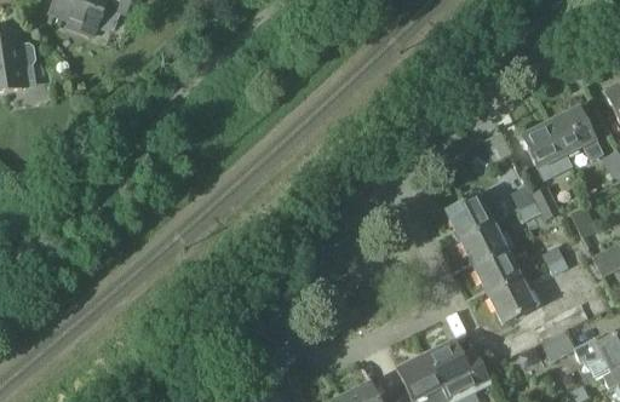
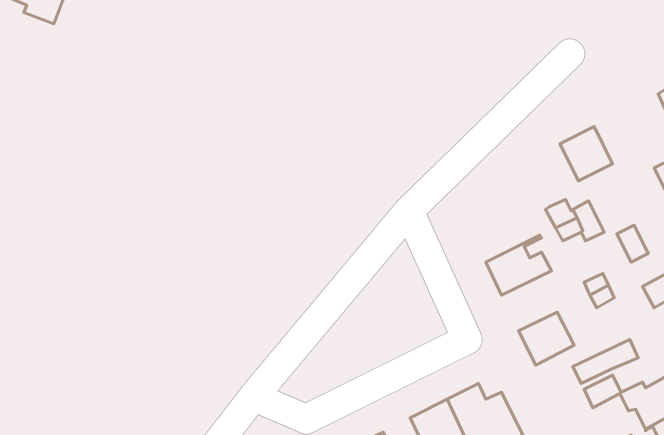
building: [551,109,602,161] -> none
building: [446,193,505,239] -> none
building: [472,251,519,297] -> none

